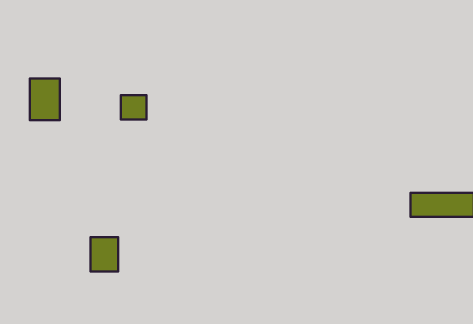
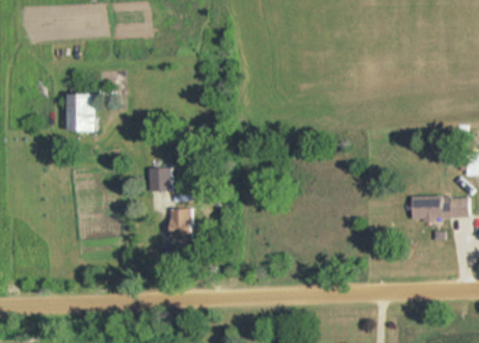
building: [121,95,146,119] -> [147,169,169,191]
building: [91,237,118,272] -> [166,209,191,240]

